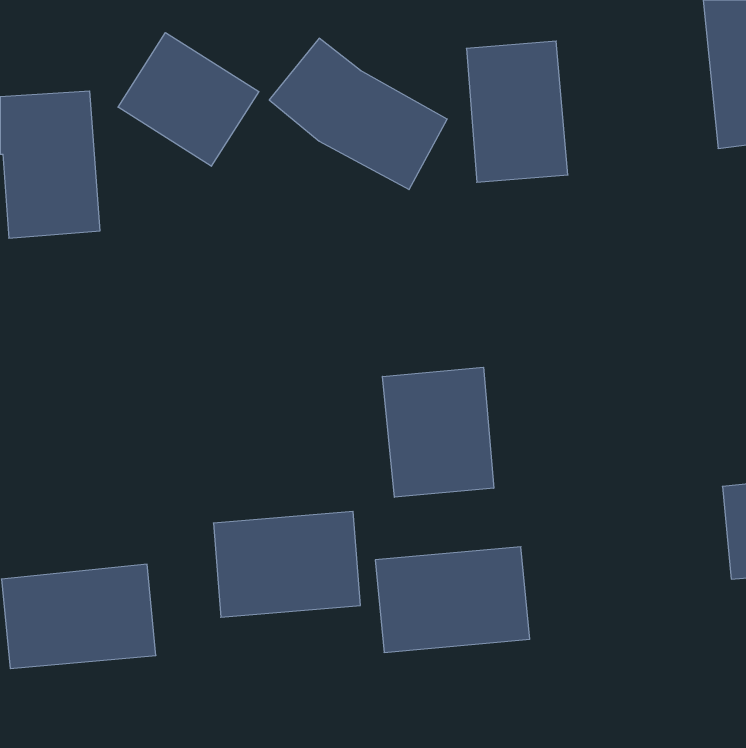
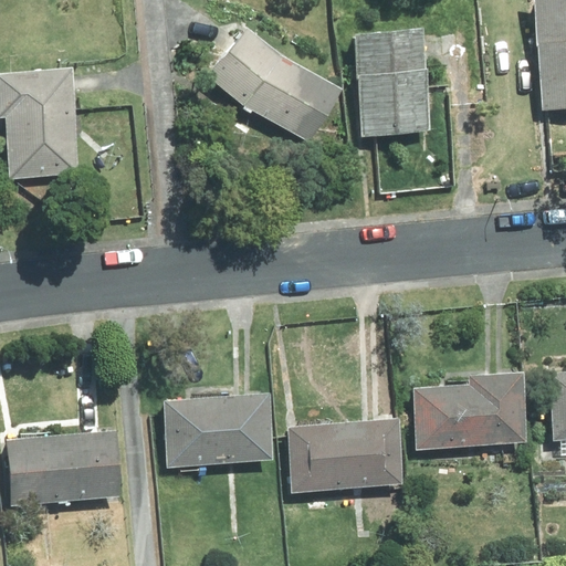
building: [118,33,259,166] -> none
building: [382,367,494,497] -> none
building: none -> [413,366,528,451]

